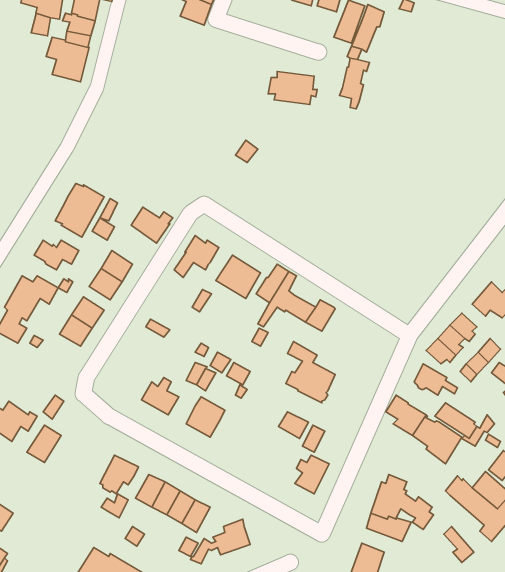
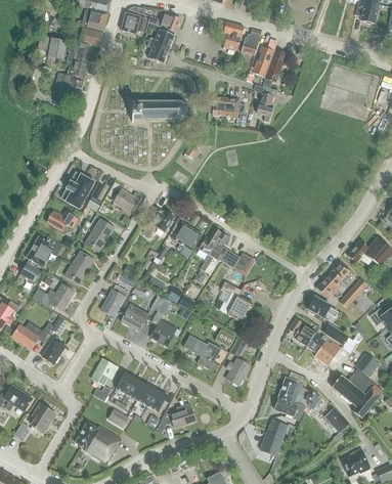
building: none -> [131,100,187,121]
building: none -> [32,283,74,310]
building: none -> [100,284,129,316]
building: none -> [182,335,221,369]
building: none -> [30,402,55,432]

